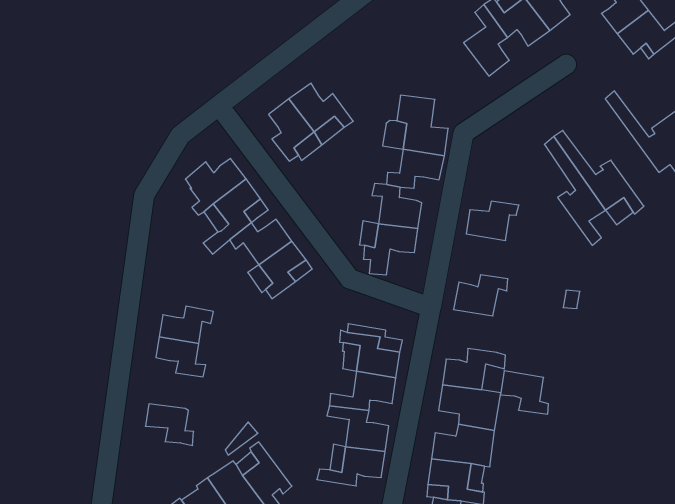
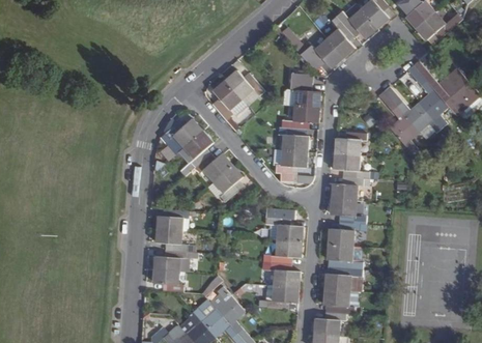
building: none -> [294,38,342,70]
building: none -> [407,65,448,127]
building: none -> [334,152,369,178]
building: [501,371,548,414] -> [331,198,360,222]
building: none -> [154,249,188,270]

